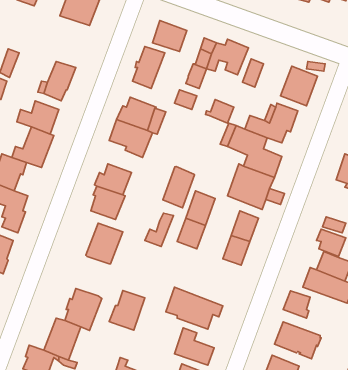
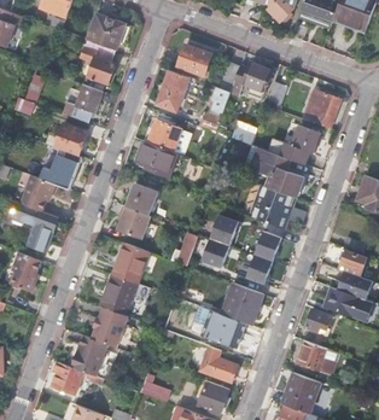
building: none -> [81,40,116,84]
building: [163,167,195,208] -> none
building: none -> [221,282,264,326]
building: [109,291,145,330] -> [100,275,135,314]

